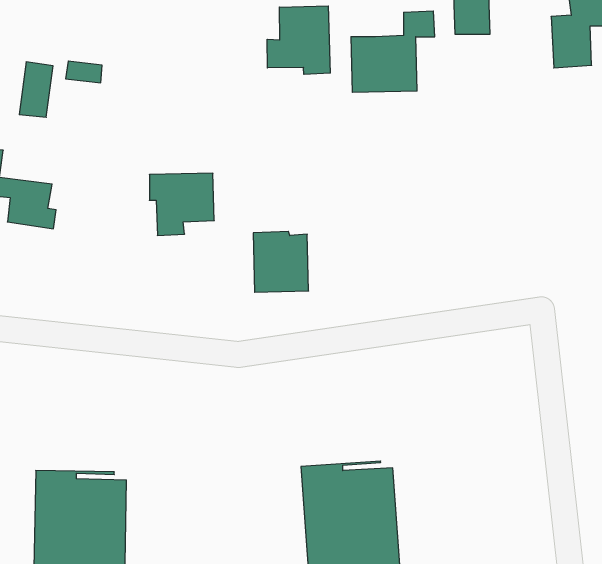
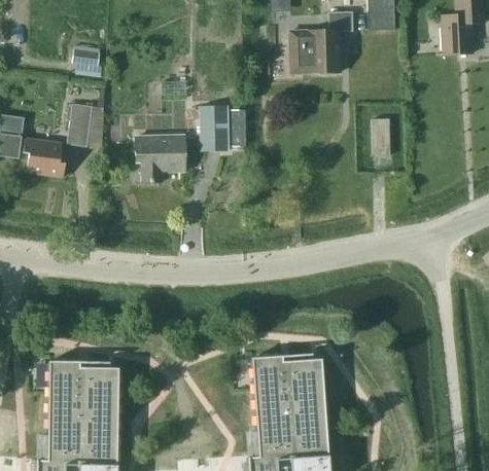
building: [267,6,330,74] -> none
building: [19,62,53,117] -> [67,104,93,146]
building: none -> [372,118,390,155]
building: [253,231,309,292] -> [200,105,242,151]

